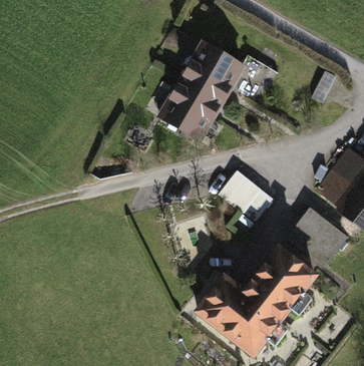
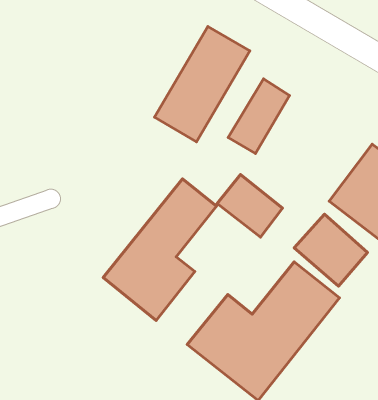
building: none -> [228,79,289,153]
building: none -> [103,179,216,321]

